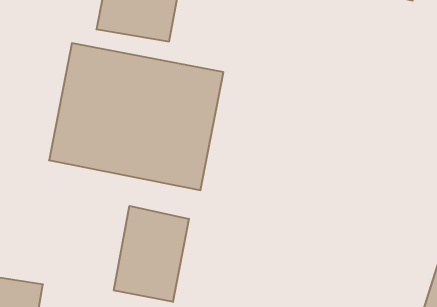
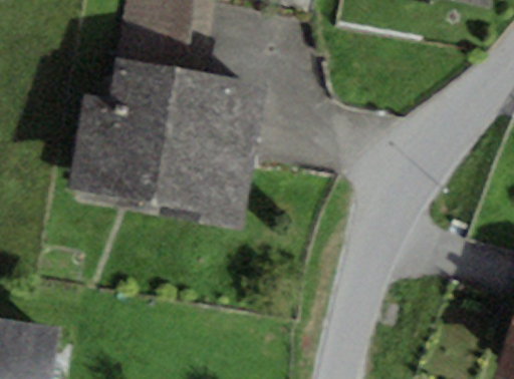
building: [114,206,189,302] -> none

